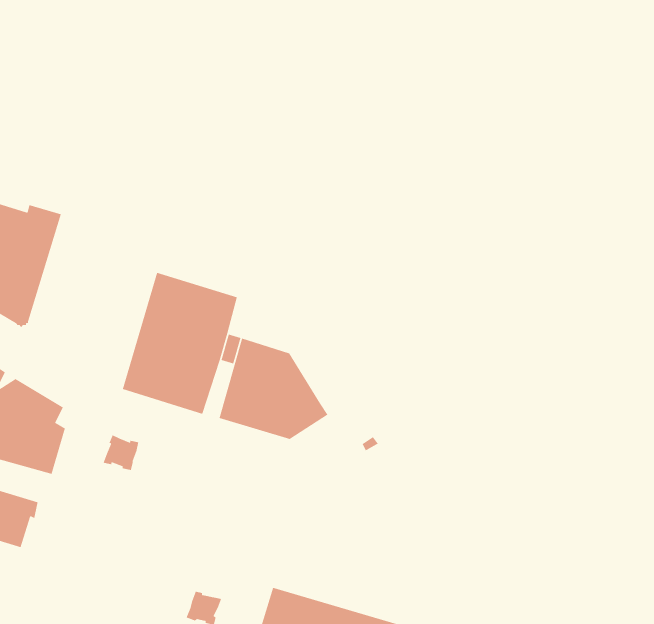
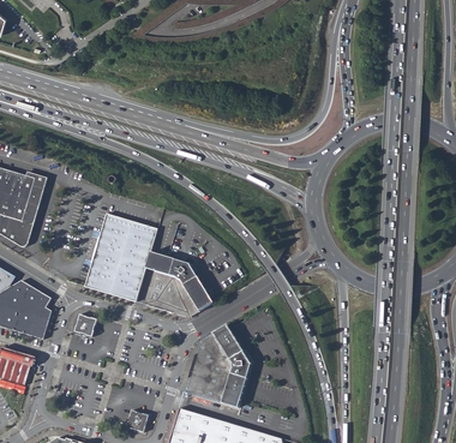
building: none -> [184,324,251,408]

